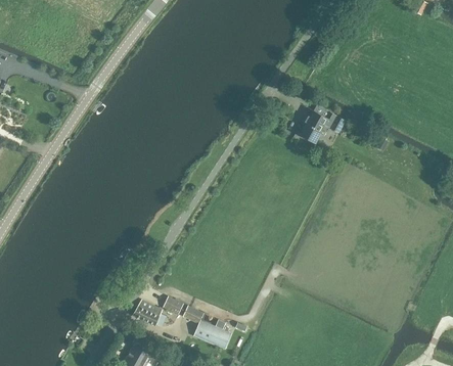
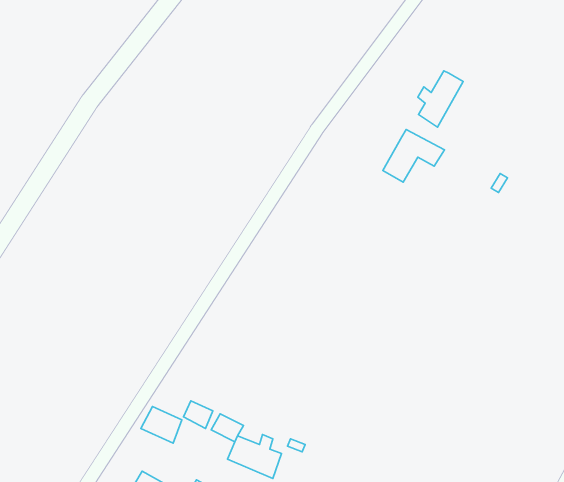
building: none -> [418,71,463,127]

